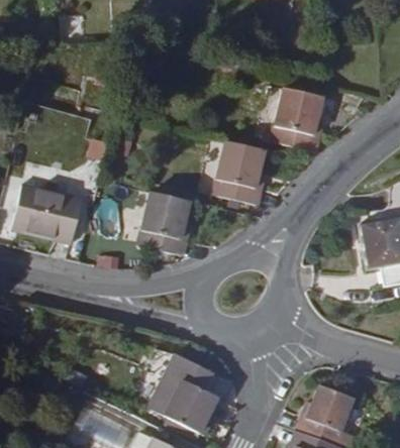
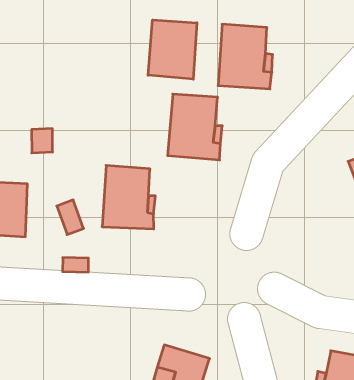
building: none -> [148,20,197,79]

